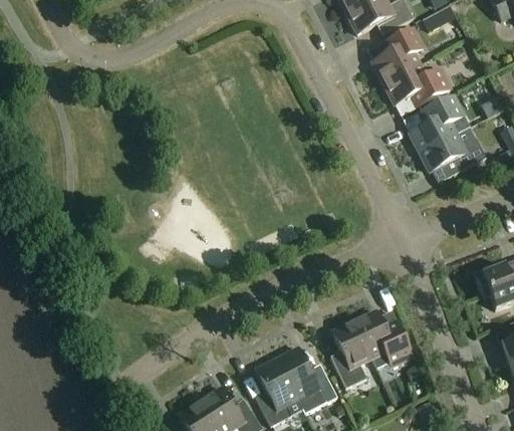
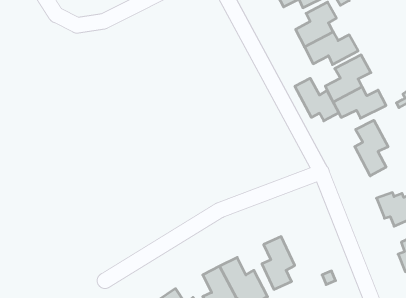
building: none -> [295,78,339,121]
building: none -> [355,120,388,176]
building: [353,309,412,361] -> none

